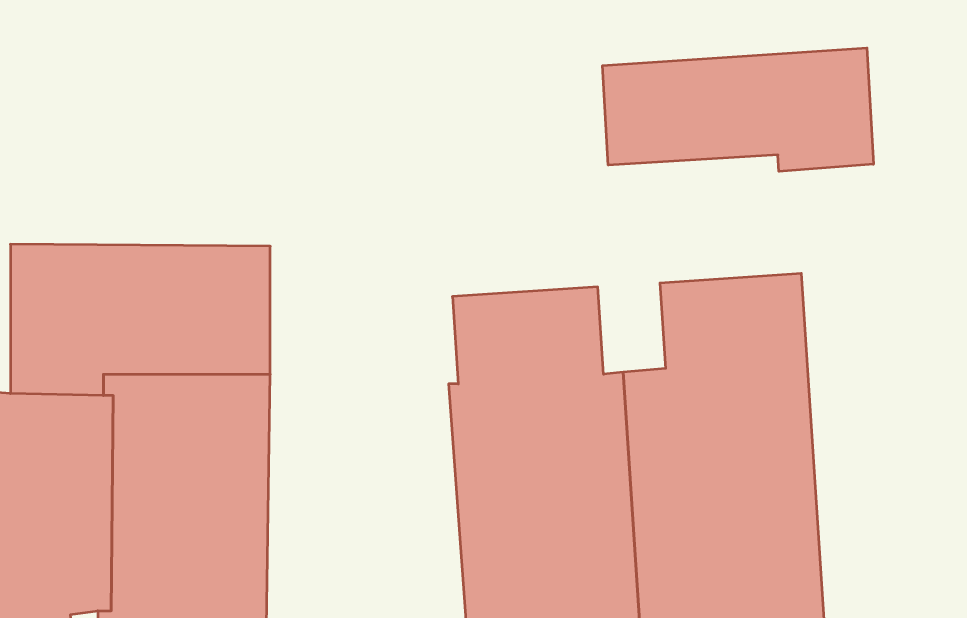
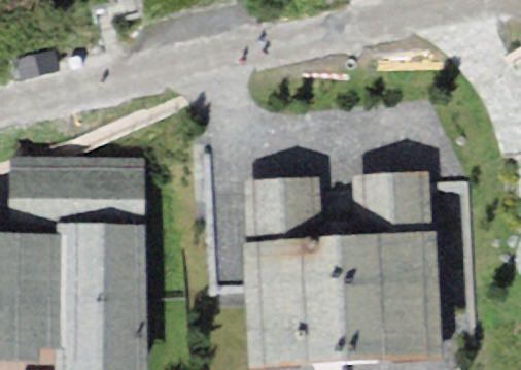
building: [603,48,873,171] -> none

